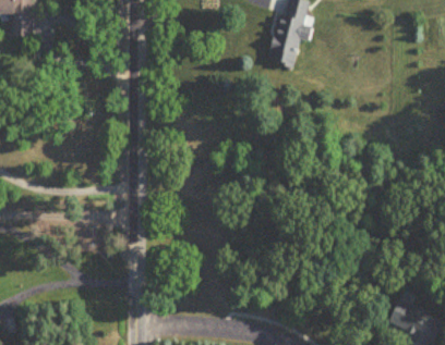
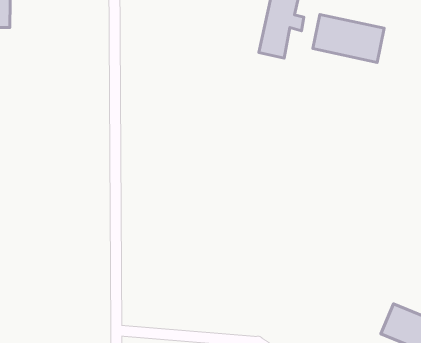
building: none -> [313,14,384,62]

